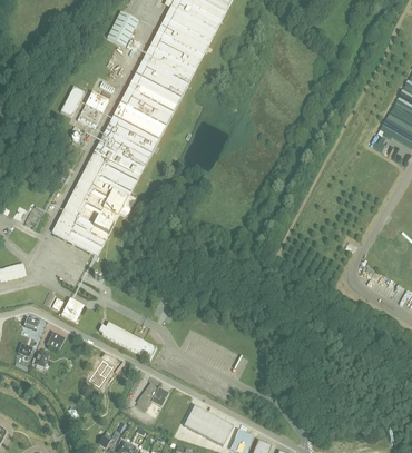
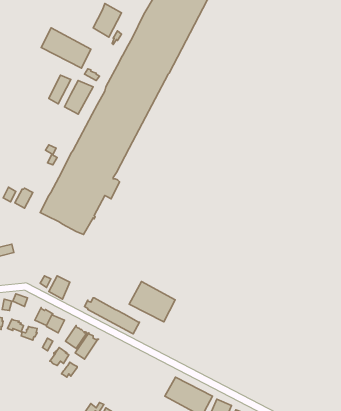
building: none -> [41,28,91,68]
building: none -> [129,281,175,322]
building: [137,383,169,408] -> none

